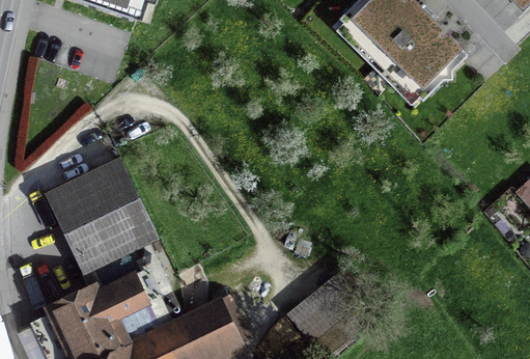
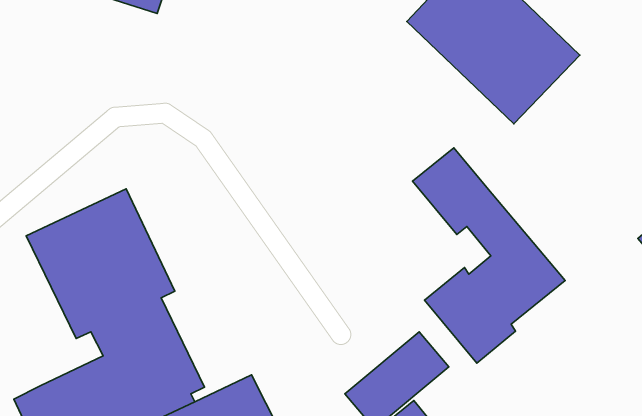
building: none -> [412,148,565,363]

